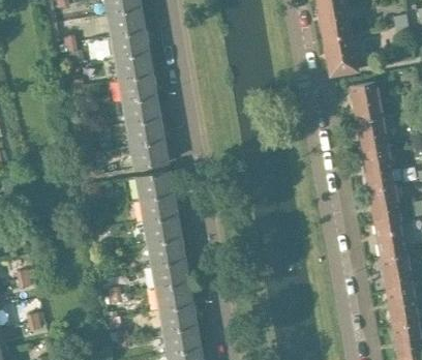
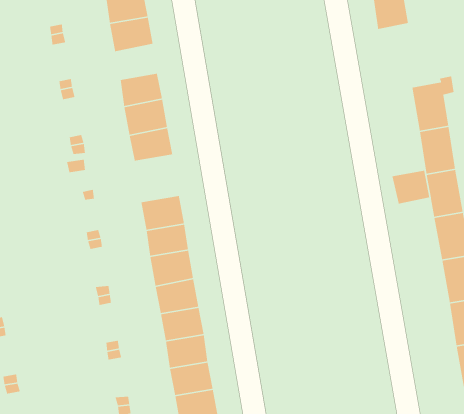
building: [324,35,355,73] -> none
building: [116,52,150,80] -> none
building: [131,140,167,169] -> none
building: none -> [392,170,430,205]

